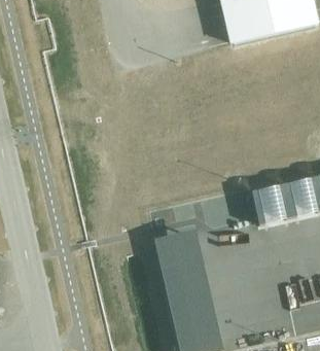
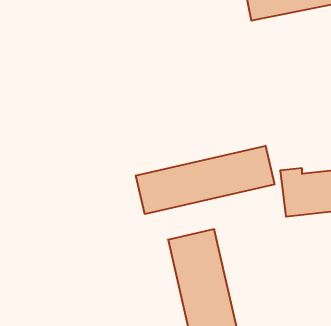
building: none -> [136,146,275,214]

